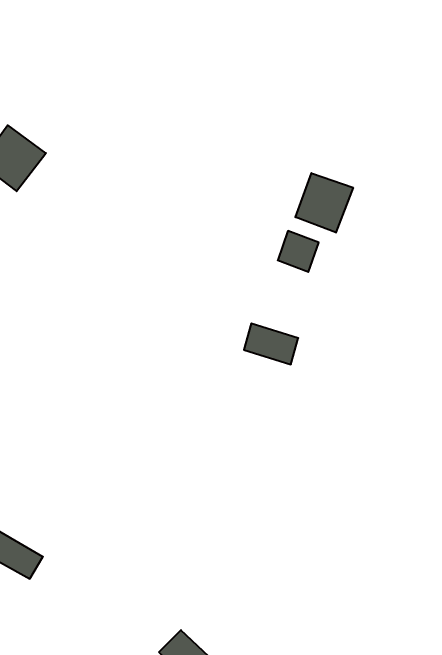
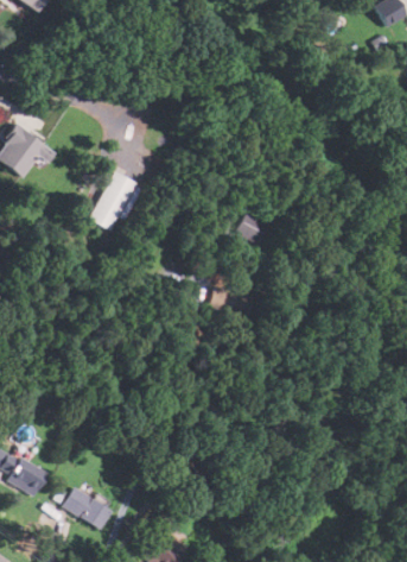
building: [295,173,353,233] -> none
building: none -> [89,171,138,232]
building: none -> [63,487,112,530]

